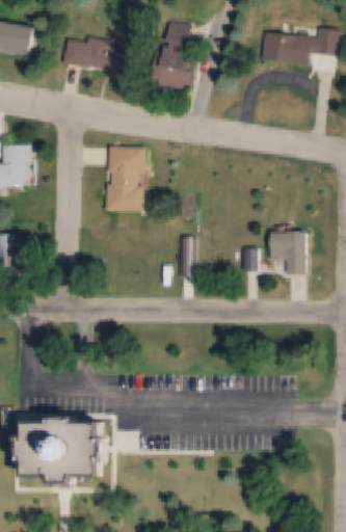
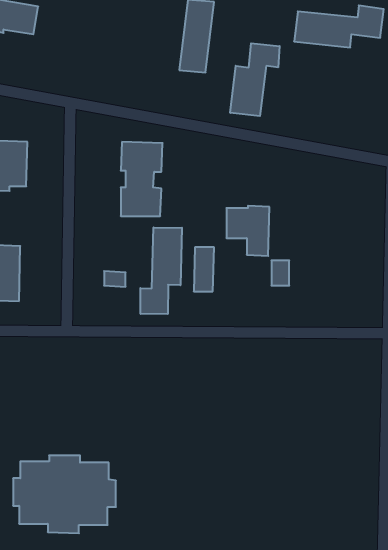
building: [65,36,140,80] -> none
building: none -> [230,43,280,116]
building: none -> [140,227,182,314]
building: [271,231,309,274] -> [226,206,269,256]

